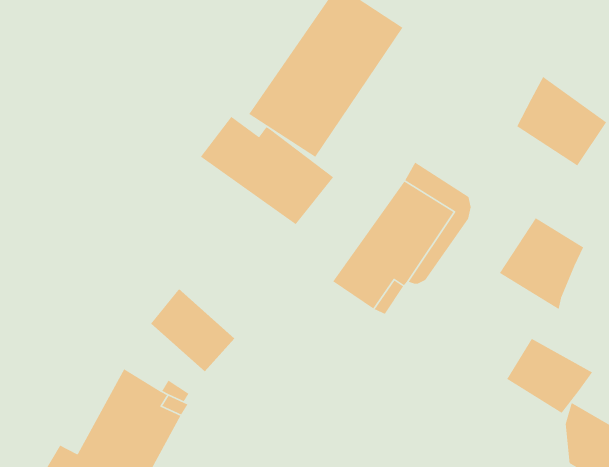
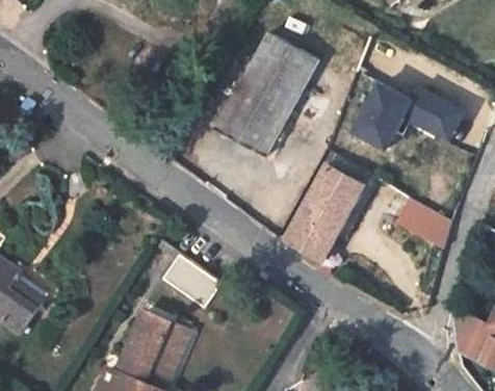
building: none -> [346,83,410,154]
building: [200,116,334,225] -> none
building: [506,338,593,414] -> none

